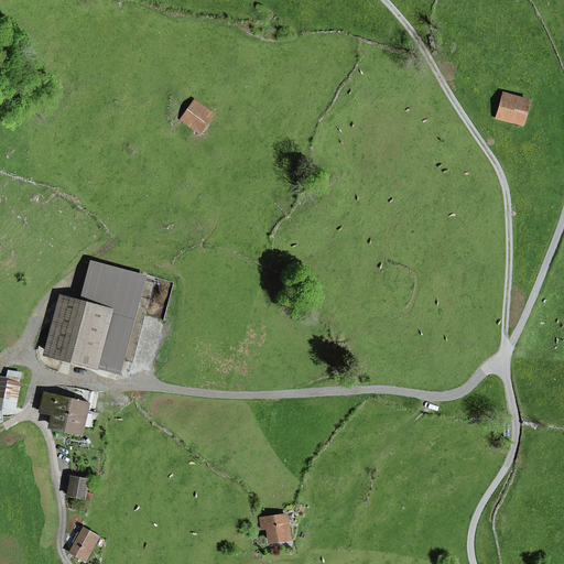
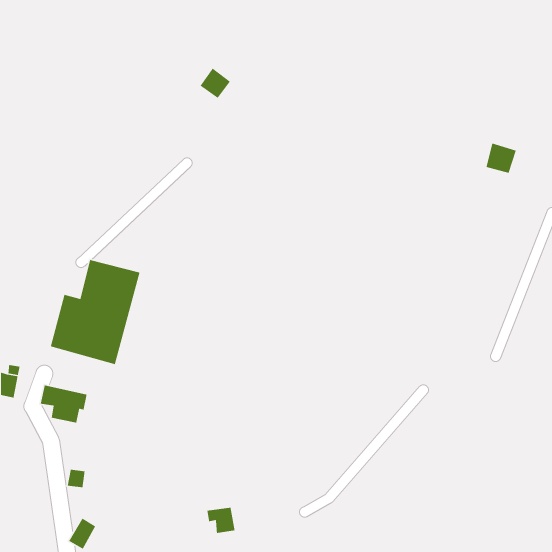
building: [496,93,528,124] -> [485,142,517,174]
building: [180,100,212,132] -> [200,68,231,99]
building: [260,514,290,542] -> [206,507,236,534]

